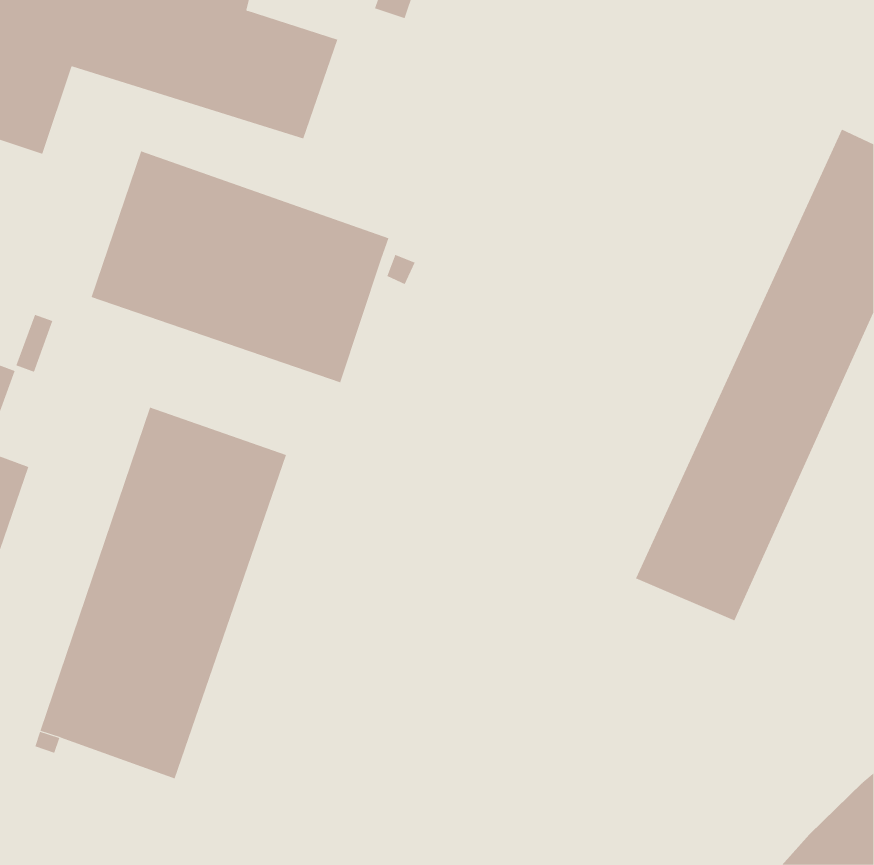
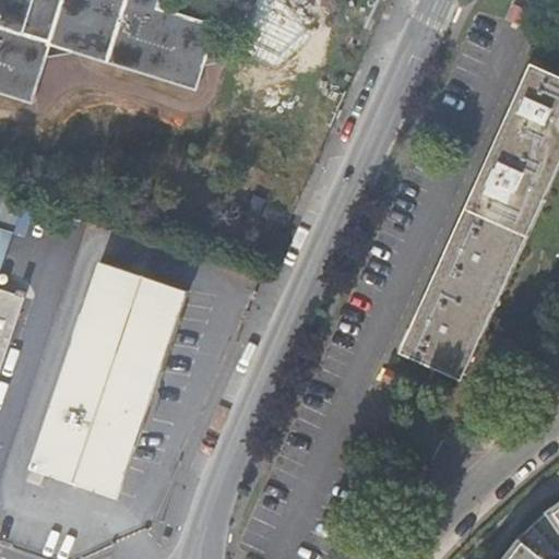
building: [91,150,389,383] -> none

